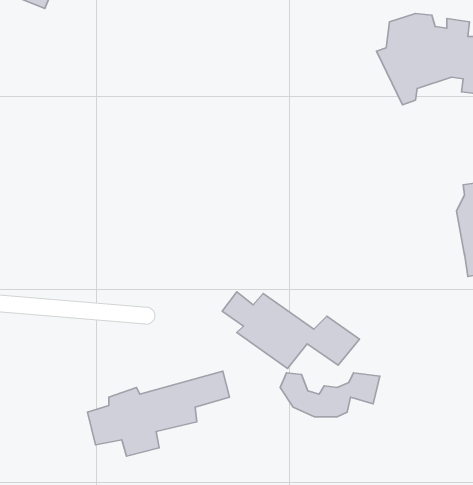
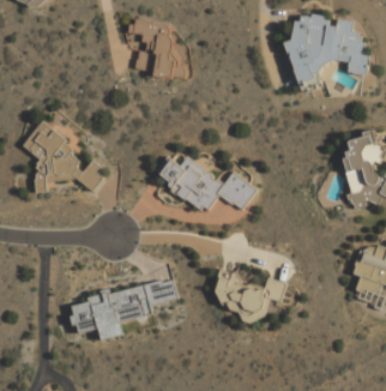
building: none -> [20,120,101,190]
building: [222,292,359,368] -> [155,154,255,210]

